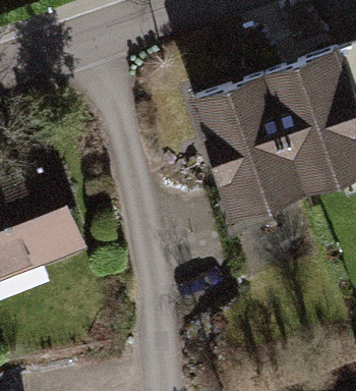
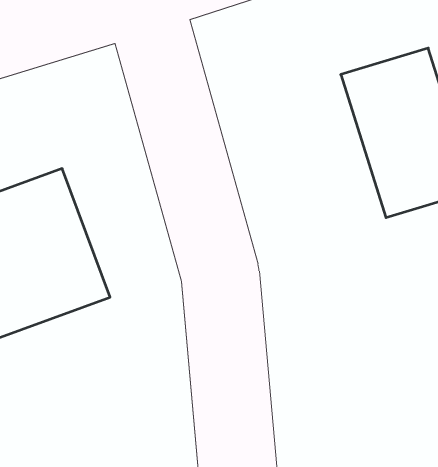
building: [201,89,304,220] -> none

